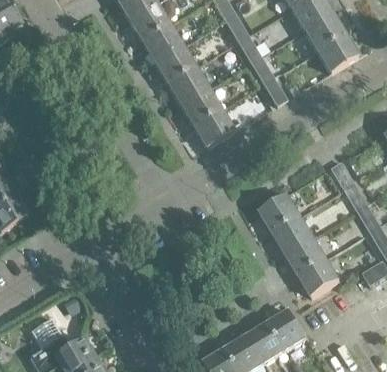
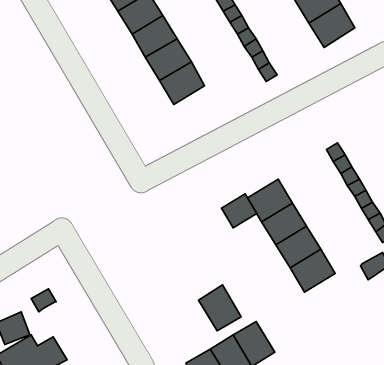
building: [193,109,235,147] -> none
building: none -> [221,194,257,228]
building: [268,310,307,352] -> [198,285,241,331]

